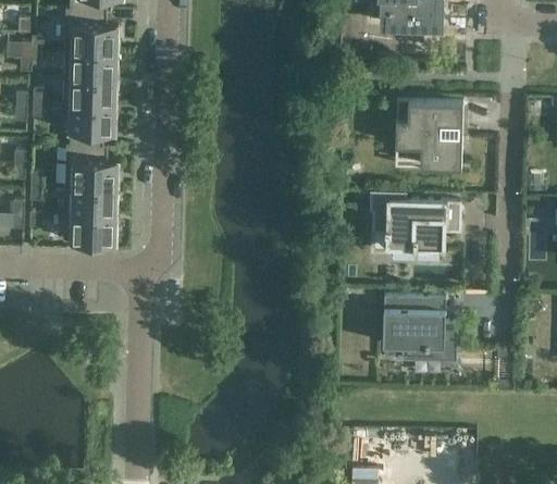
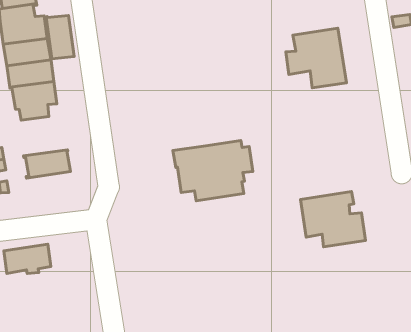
building: none -> [46,15,74,59]
building: [64,147,117,191] -> none
building: [370,188,461,253] -> [173,141,253,201]
building: [62,216,116,249] -> [4,244,51,274]

